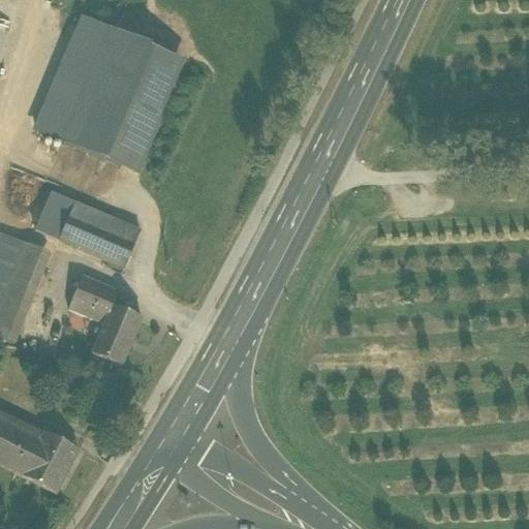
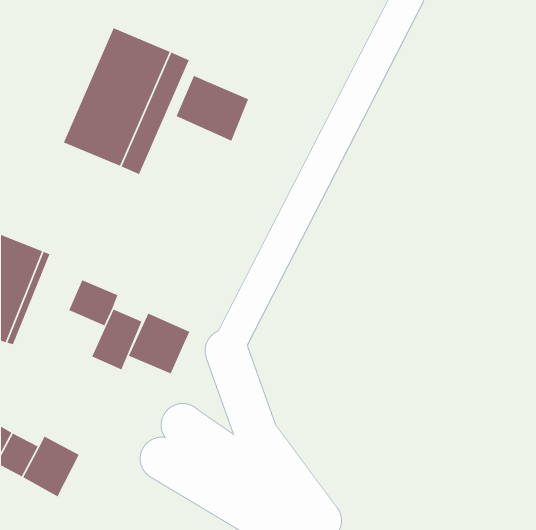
building: [32,12,112,141] -> none
building: none -> [176,75,249,142]
building: [34,189,139,266] -> none
building: none -> [128,313,190,374]

